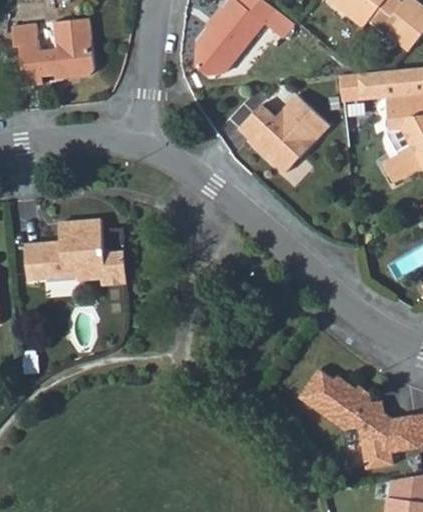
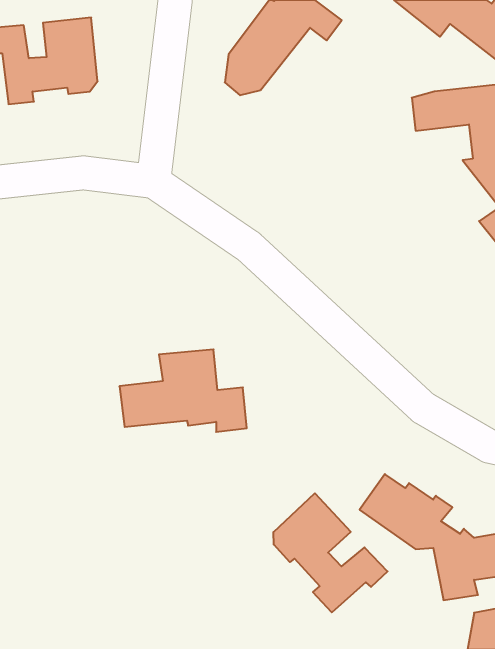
building: [236,93,327,172] -> none
building: [27,216,127,281] -> [119,349,247,432]
building: none -> [273,493,388,612]

